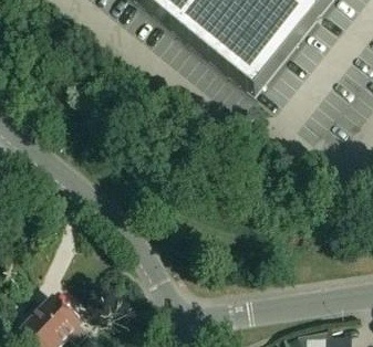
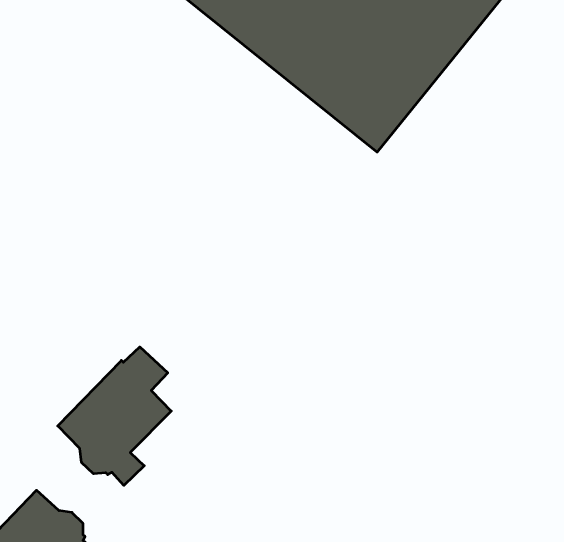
building: none -> [58,347,171,485]

